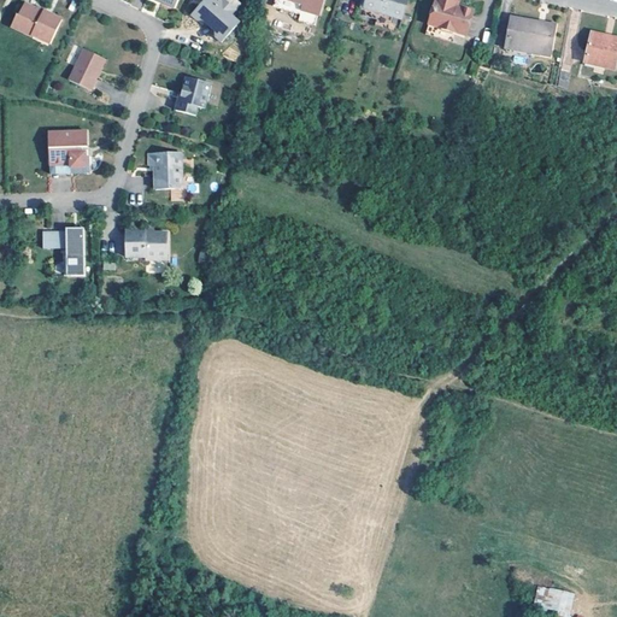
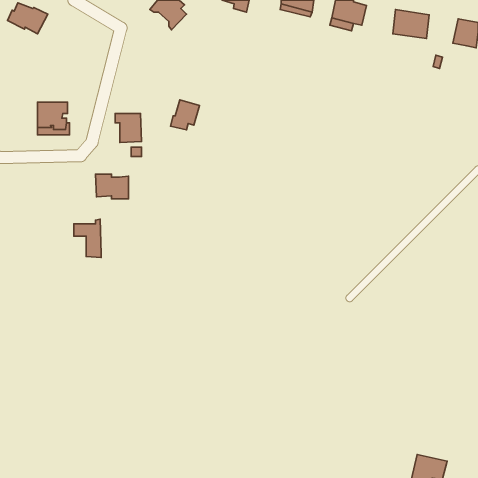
building: [69,49,106,92] -> none
building: [174,77,211,116] -> [170,100,199,130]
building: [47,223,82,272] -> [74,219,101,258]

